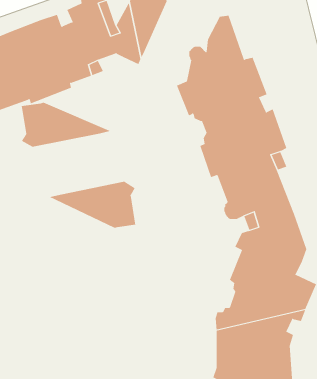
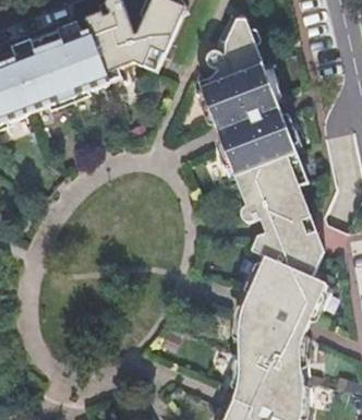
building: [21,102,112,147] -> none
building: [48,181,136,229] -> none

